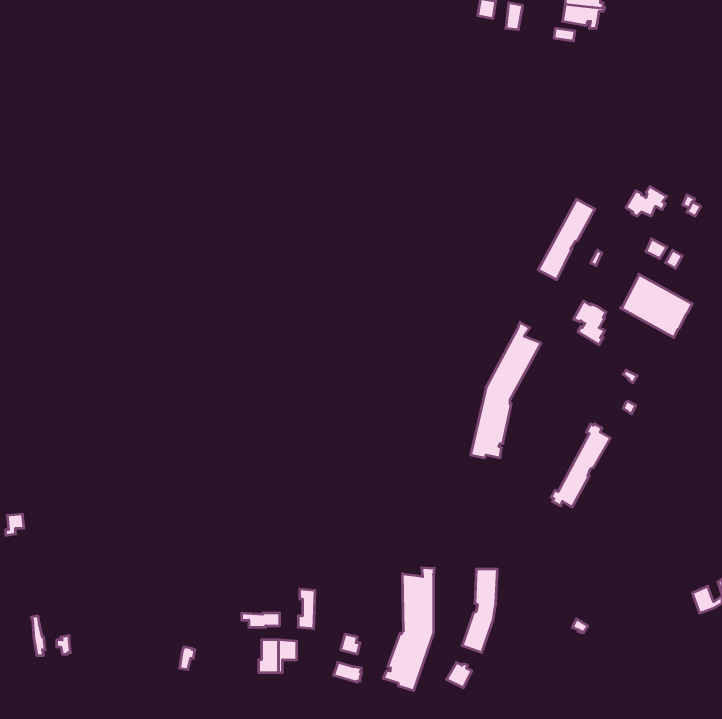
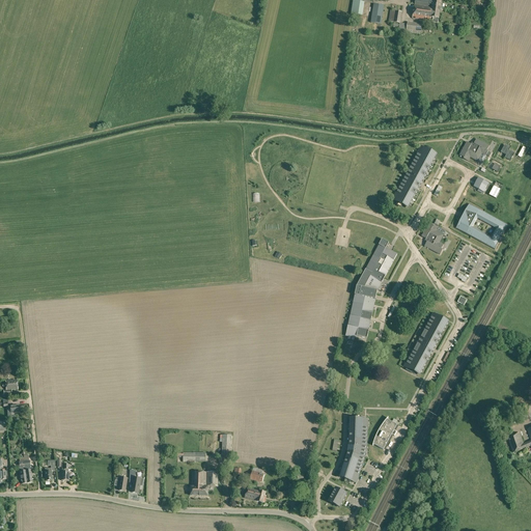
building: [383,568,434,691] -> none
building: none -> [372,417,397,448]

